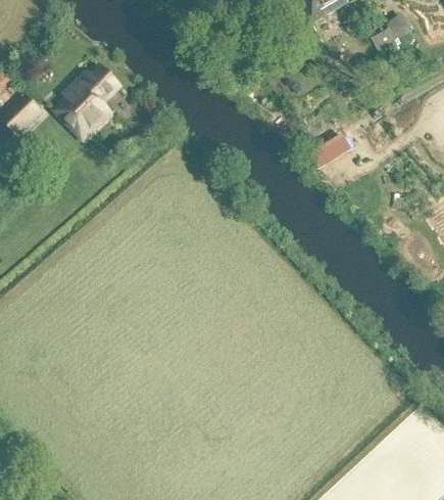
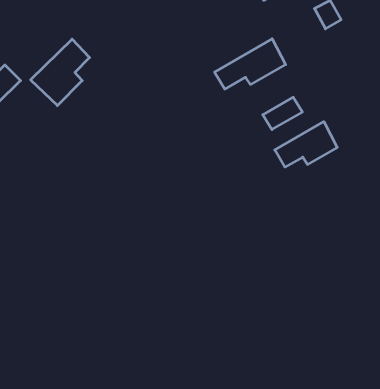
building: none -> [215,39,286,89]
building: none -> [275,122,337,167]

